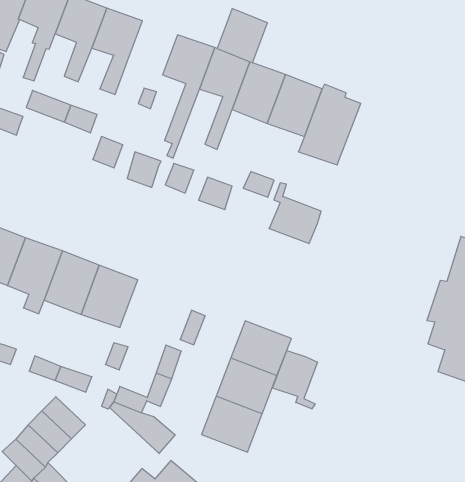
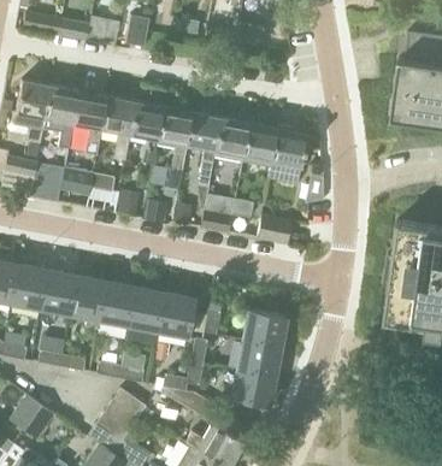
building: [217,9,267,63] -> [131,101,165,138]
building: none -> [159,293,195,336]
building: [272,350,317,409] -> none

